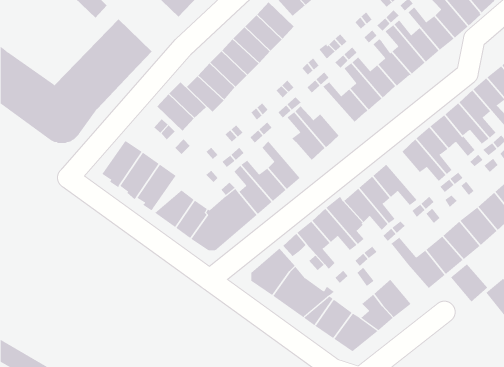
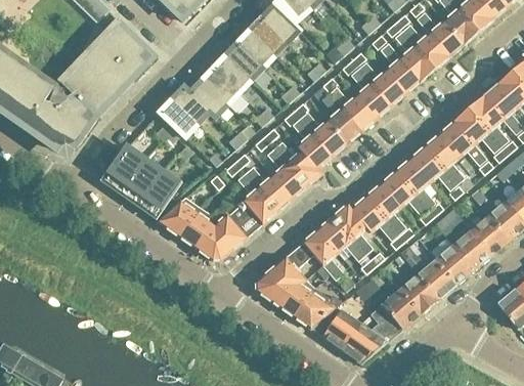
building: none -> [323,91,363,141]
building: none -> [275,140,323,184]
building: none -> [396,158,435,207]
building: [450,263,488,302] -> [400,273,439,313]

